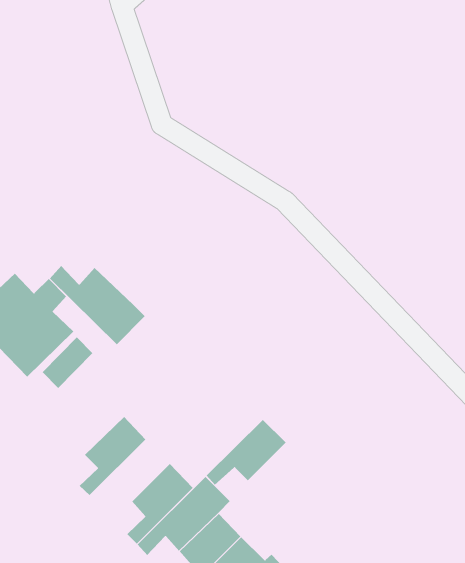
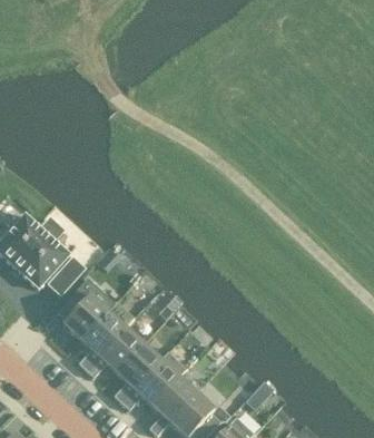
building: [49,265,146,345] -> none
building: none -> [58,290,109,341]
building: [206,419,286,485] -> [88,328,144,377]

